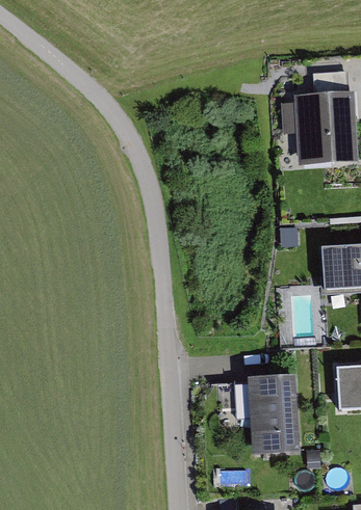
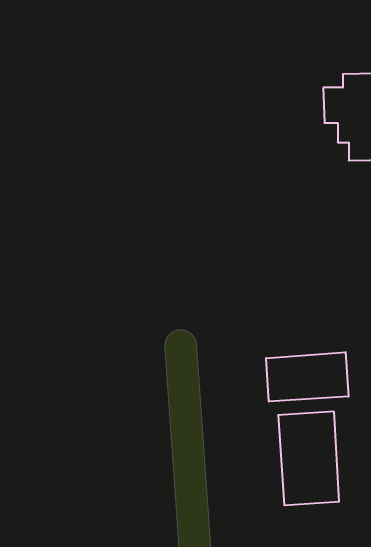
building: none -> [266,352,349,402]

